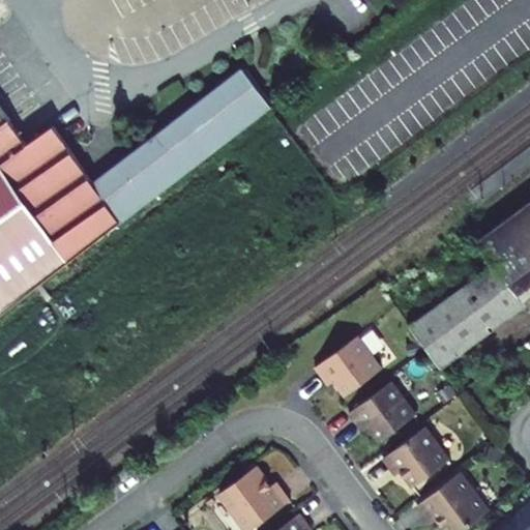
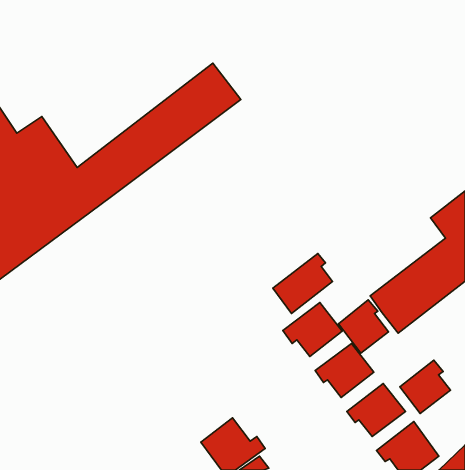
building: none -> [273,253,332,314]
building: none -> [338,300,388,353]
building: none -> [400,360,450,413]

